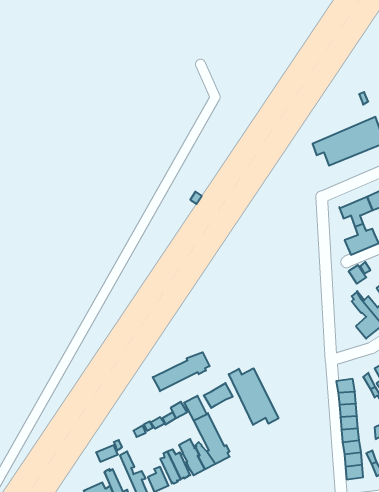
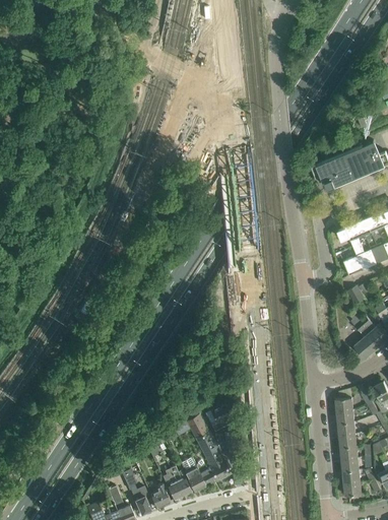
building: [153,352,210,391] -> none
building: [229,368,278,425] -> none

